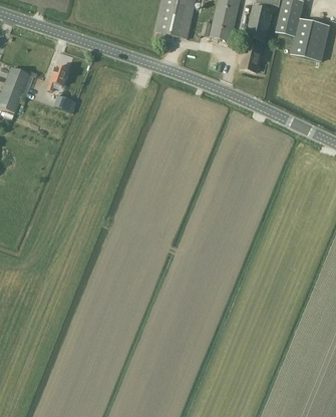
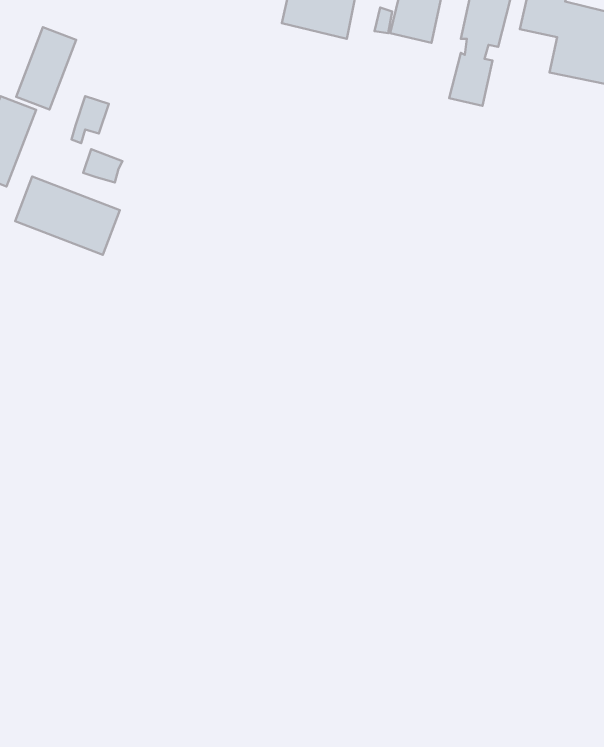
building: none -> [16,27,76,110]
building: none -> [15,176,120,255]

